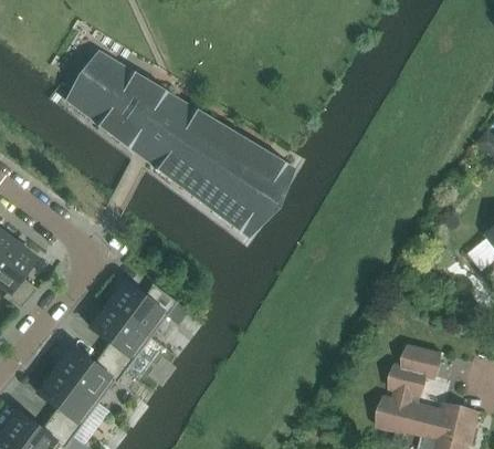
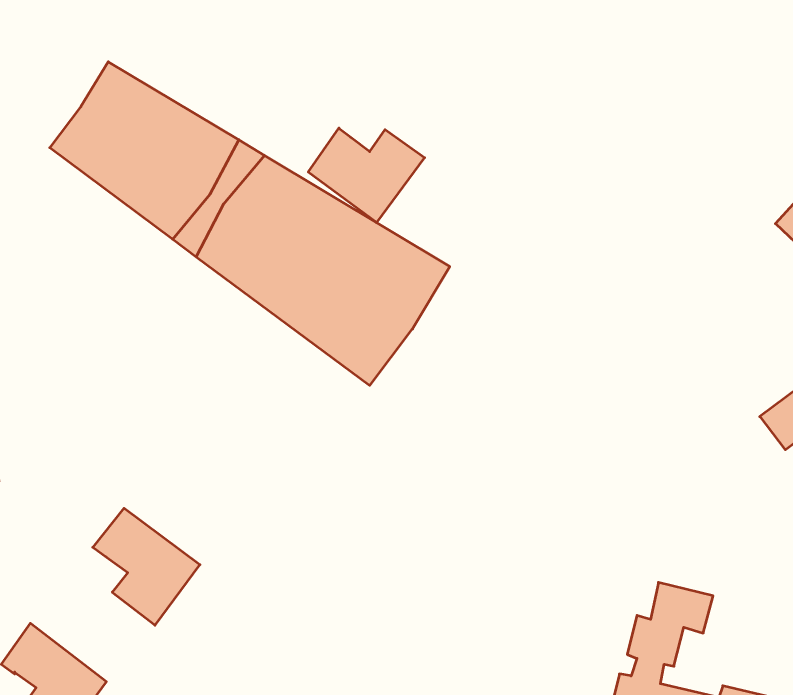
building: none -> [308,128,425,223]
building: [106,281,176,335] -> none
building: [53,346,124,401] -> none

